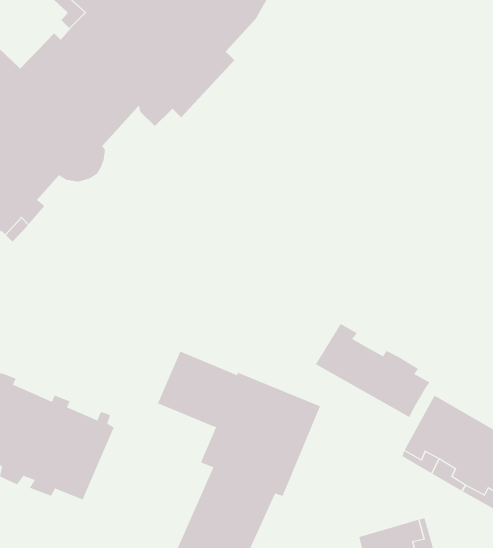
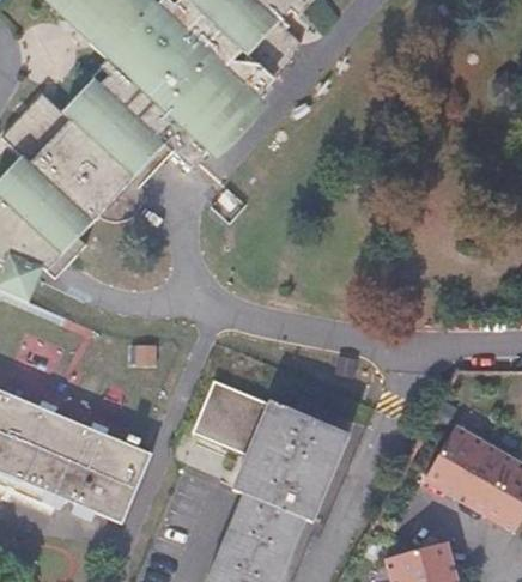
building: [315,323,430,418] -> none

